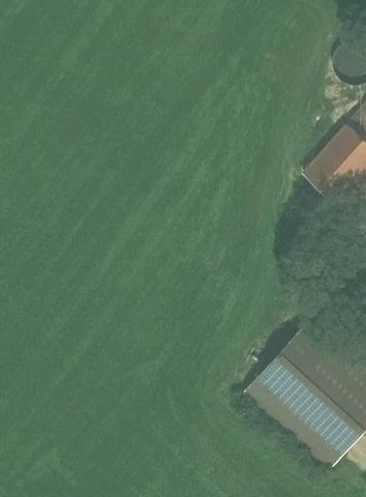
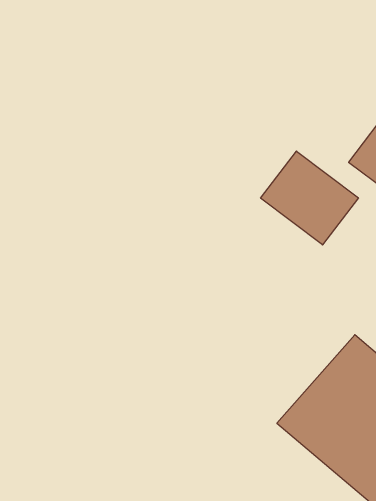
building: none -> [261,151,358,245]

